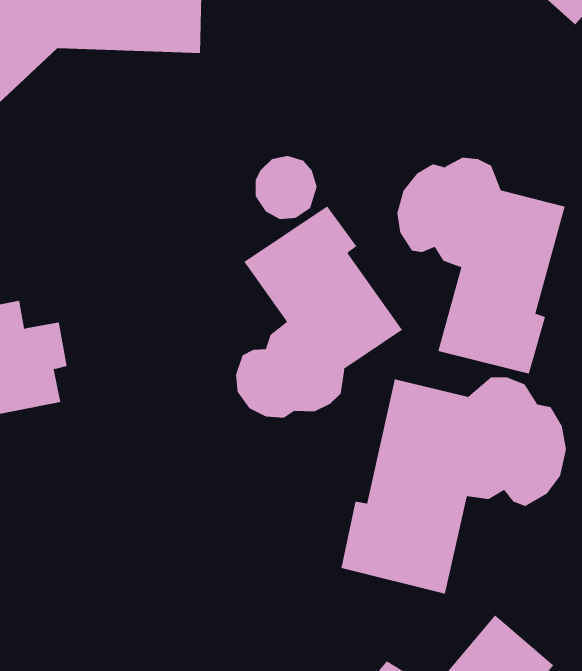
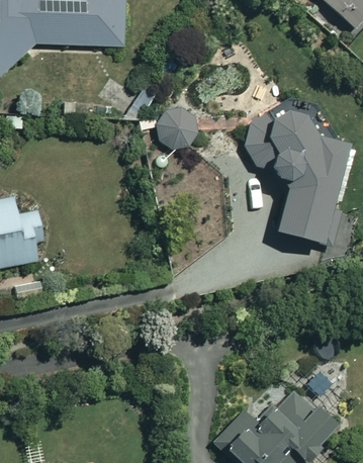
building: [236,206,403,419] -> none
building: [341,376,566,595] -> none

